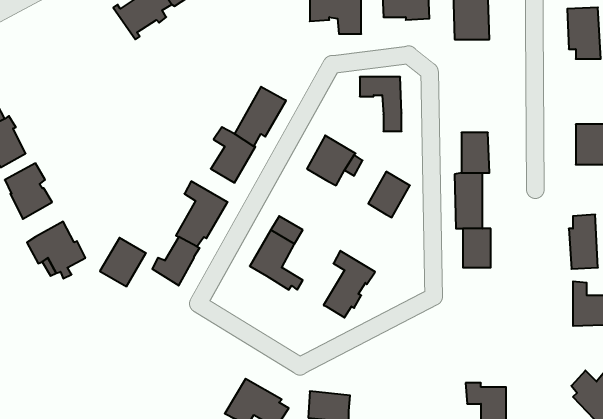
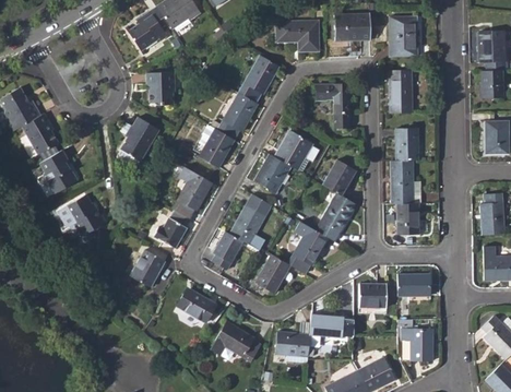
building: none -> [239,55,280,102]
building: none -> [389,69,412,112]
building: none -> [482,70,502,98]
building: none -> [145,72,173,104]
building: none -> [119,116,157,161]
building: none -> [254,153,292,192]
building: none -> [316,192,357,240]
building: [100,238,146,286] -> [130,248,166,286]
building: none -> [212,230,243,270]
building: none -> [255,253,290,293]
building: none -> [397,273,430,295]
building: none -> [359,282,387,306]
building: none -> [177,288,216,321]
building: none -> [309,312,354,336]

